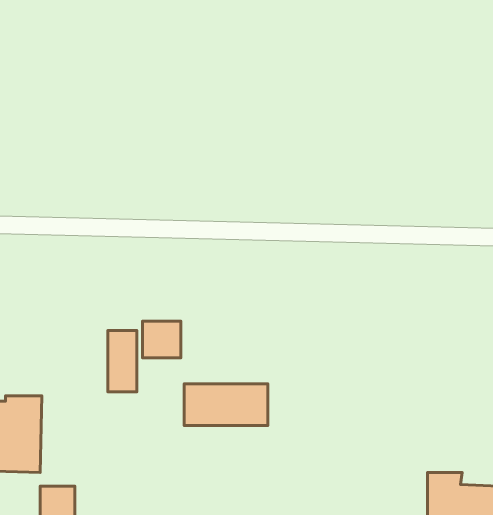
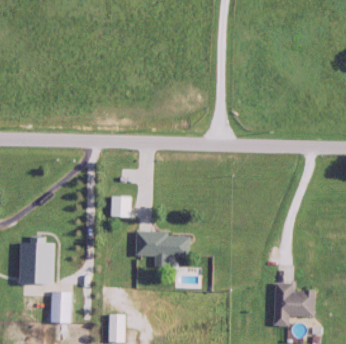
building: [108,330,137,392] -> none

